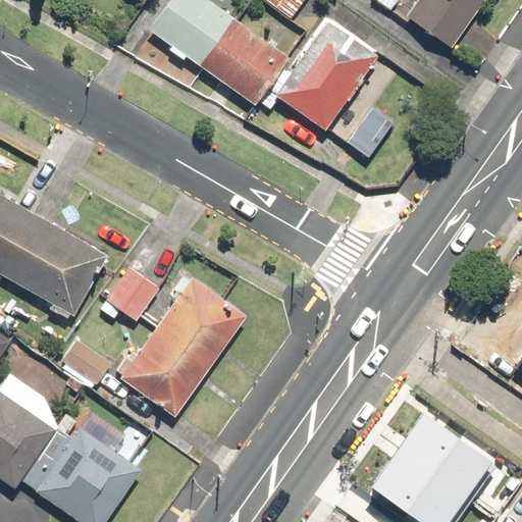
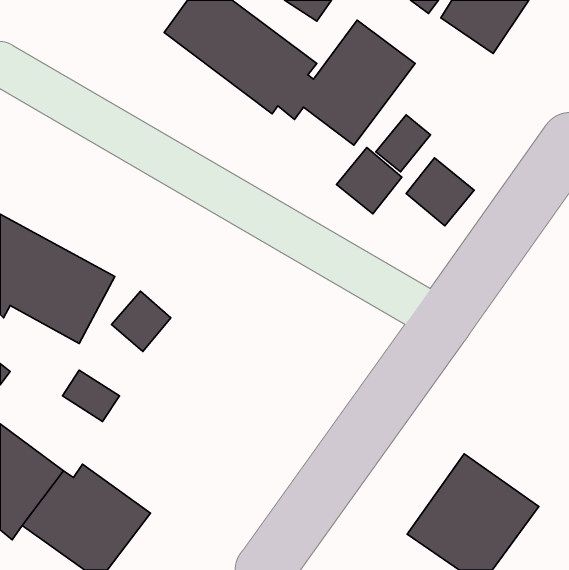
building: none -> [337,148,402,214]
building: none -> [406,158,474,226]
building: [113,277,245,415] -> none

